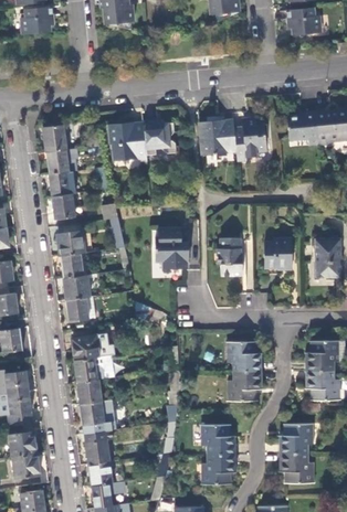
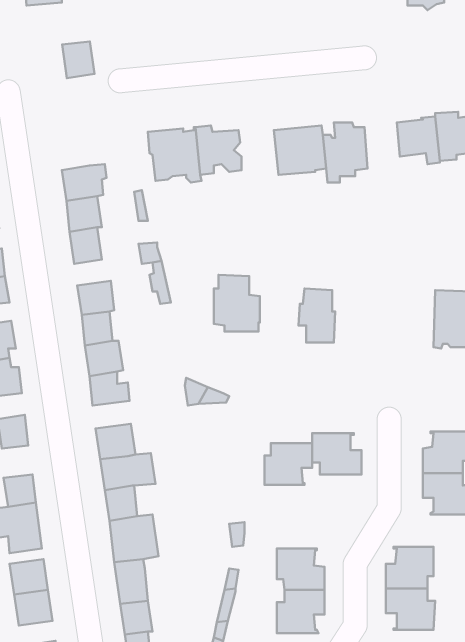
building: [43,126,66,152] -> [62,41,94,78]
building: [265,238,292,274] -> none
building: [228,371,262,401] -> [265,443,312,485]

